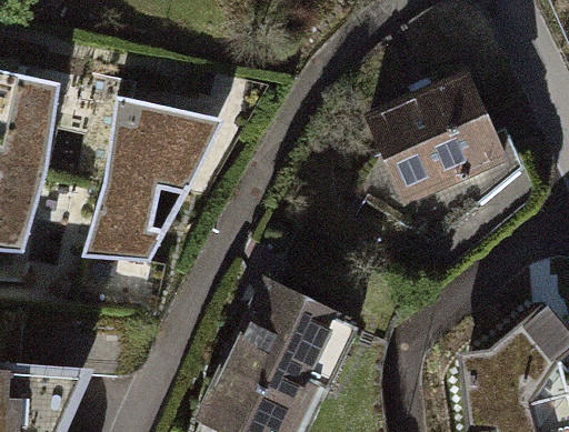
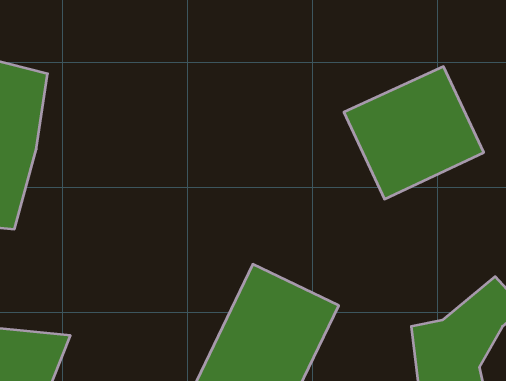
building: [79,93,222,258] -> none

